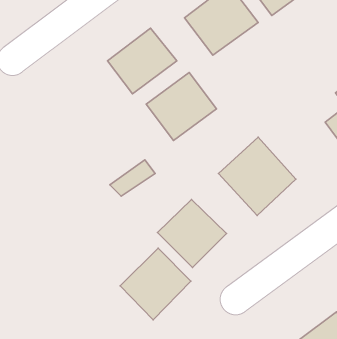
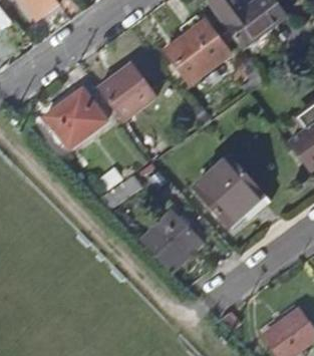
building: [146,73,216,141] -> [44,88,106,148]
building: [120,248,191,320] -> none

